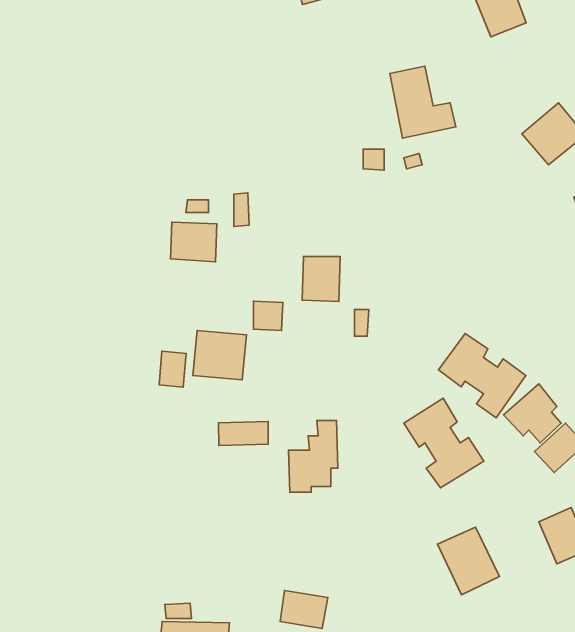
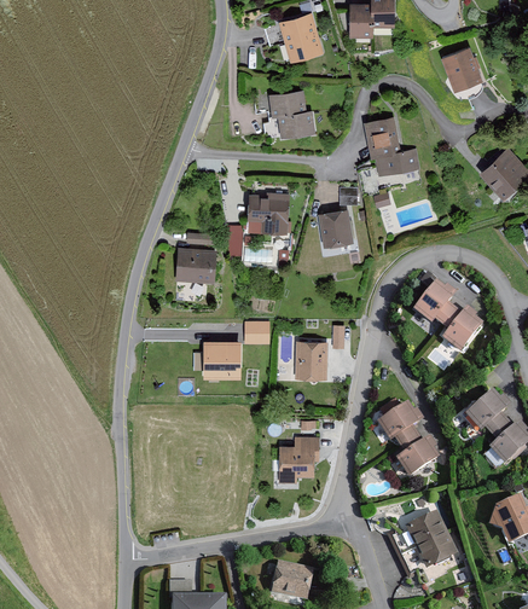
building: none -> [266,89,315,138]
building: none -> [245,193,289,233]
building: none -> [318,207,353,246]
building: [302,257,340,302] -> [295,341,327,379]
building: [439,333,526,418] -> [410,282,485,354]
building: [159,351,186,387] -> none
building: [219,422,268,445] -> none

